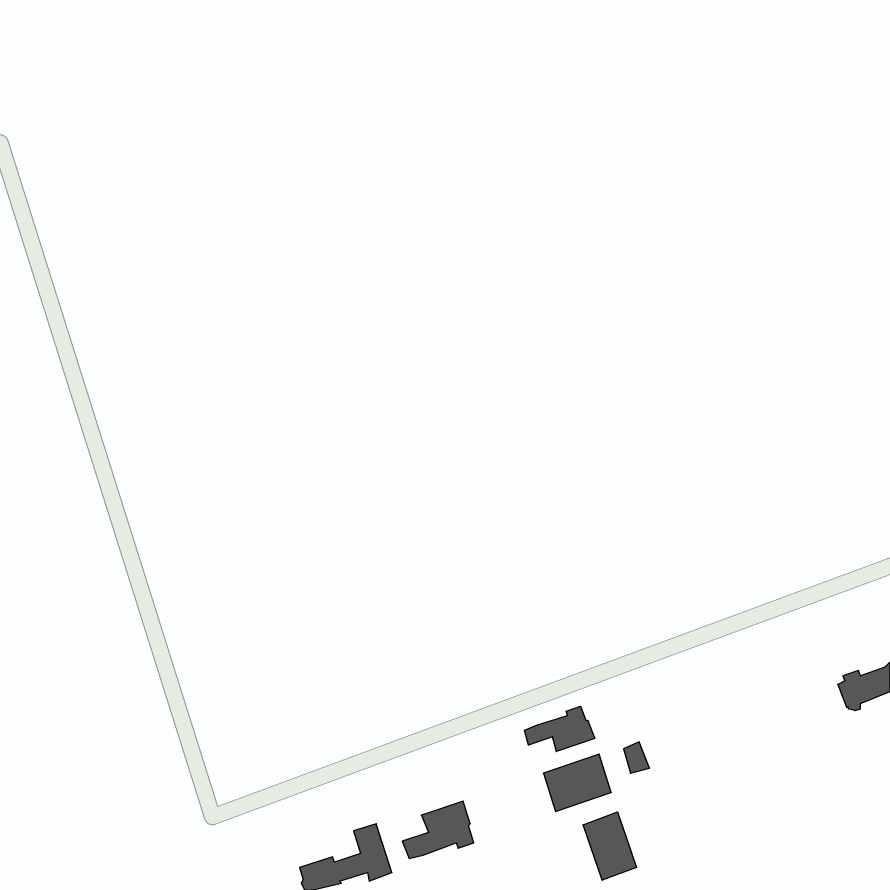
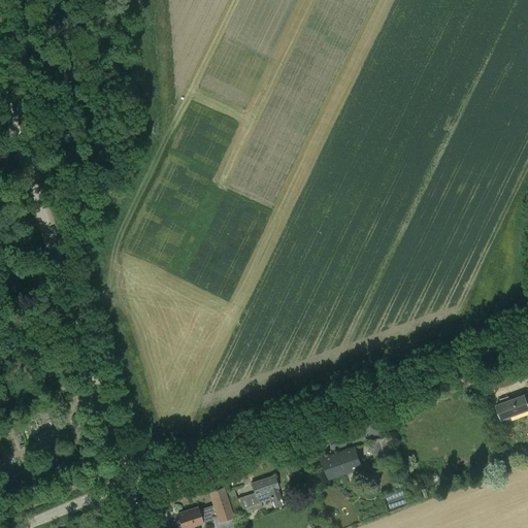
building: [524,706,595,752] -> none
building: [583,812,636,880] -> none

